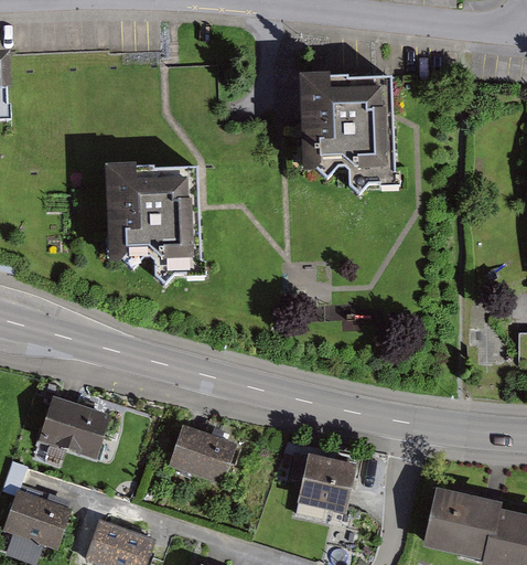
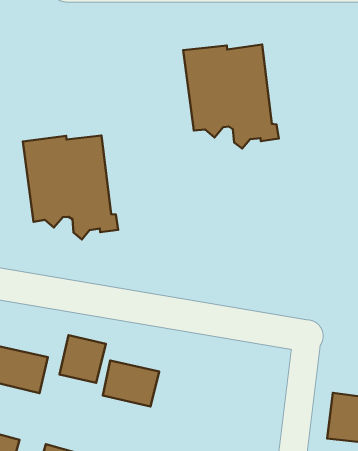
building: none -> [60,335,106,383]
building: [289,449,357,524] -> none

